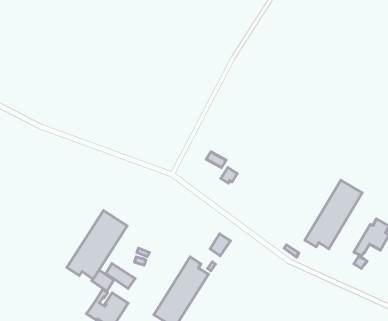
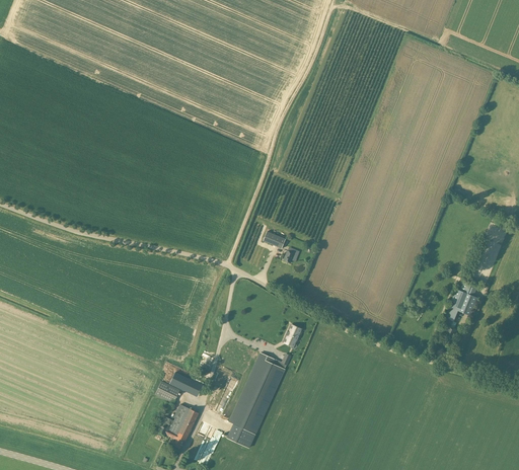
building: [305,180,362,249] -> none
building: [67,210,127,279] -> none

